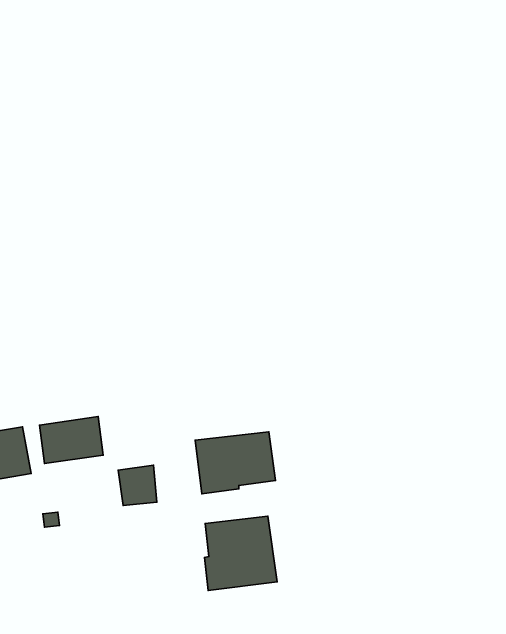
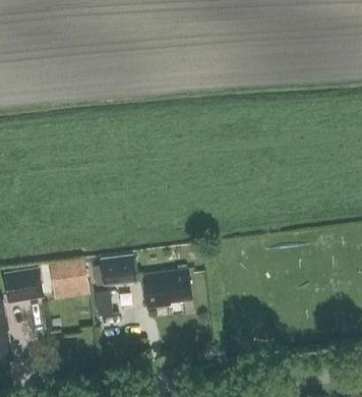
building: none -> [94,257,137,288]
building: [205,516,277,590] -> none

